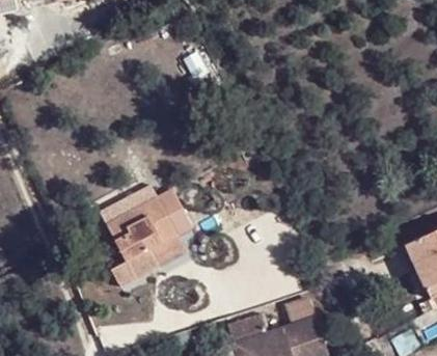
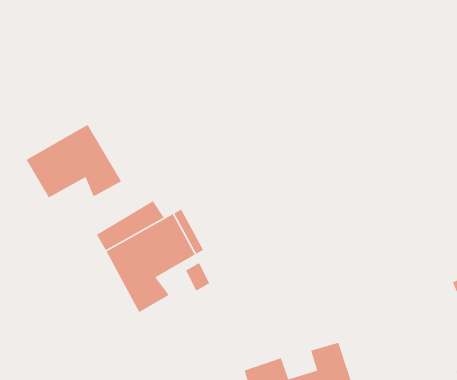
building: none -> [25,124,122,199]

